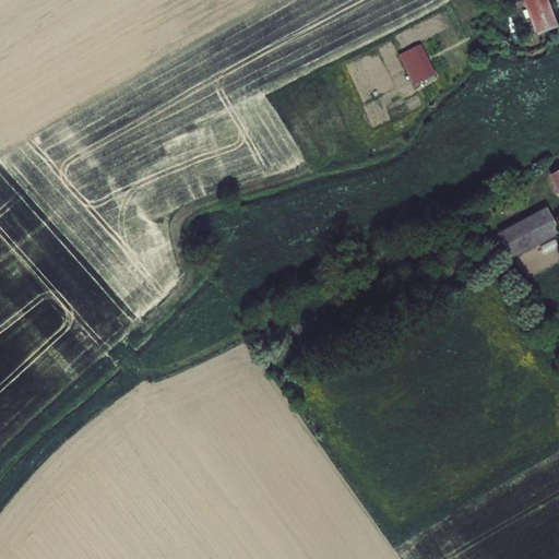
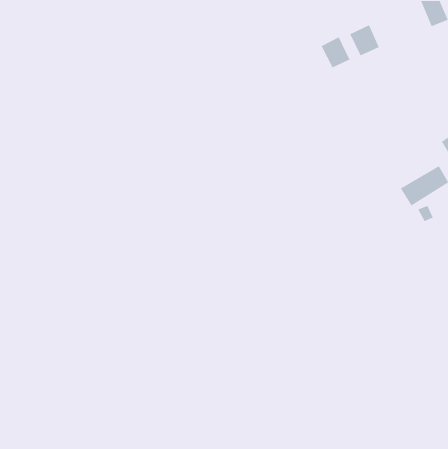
building: none -> [349,24,380,57]

